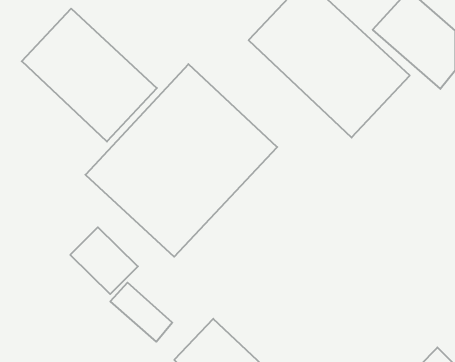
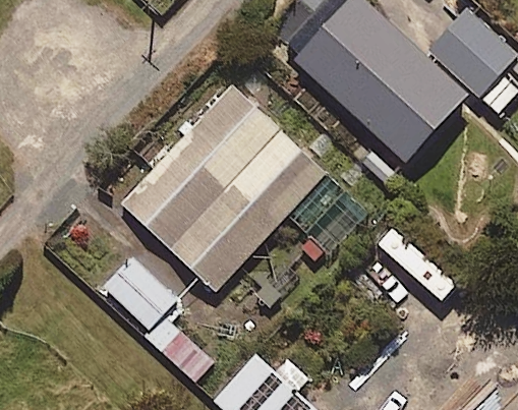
building: [22,9,157,142] -> none

